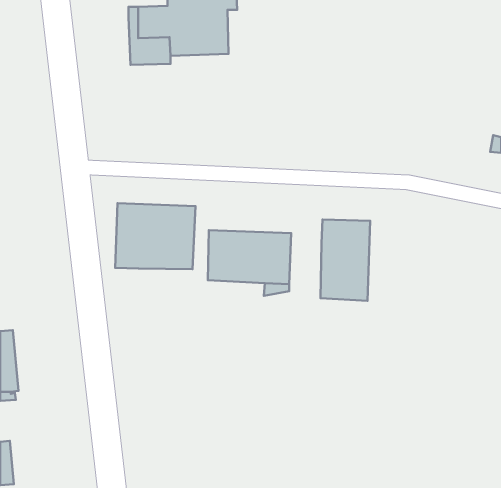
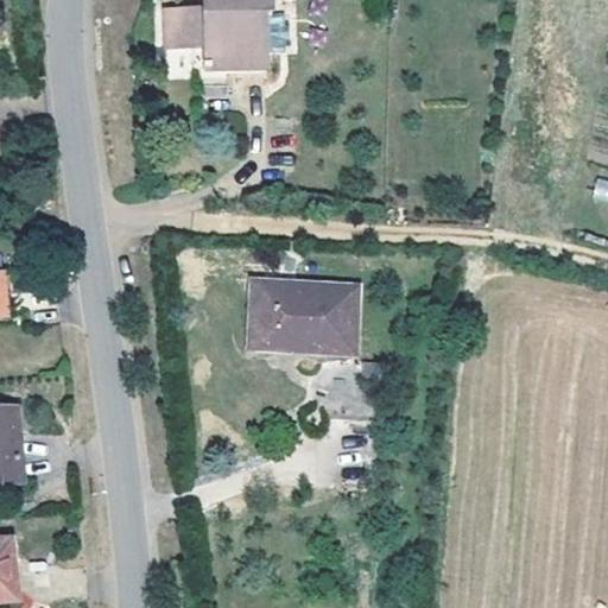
building: [115,203,196,269] -> none
building: [320,219,370,301] -> none

